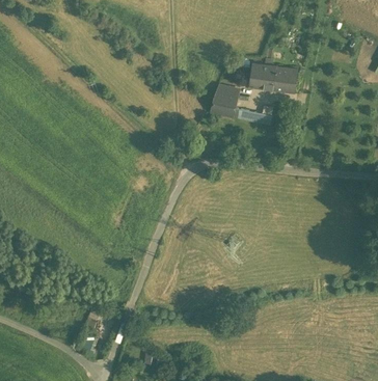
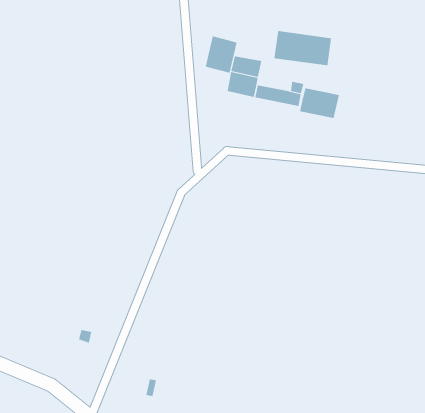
building: none -> [205,36,237,74]
building: none -> [299,88,340,119]

